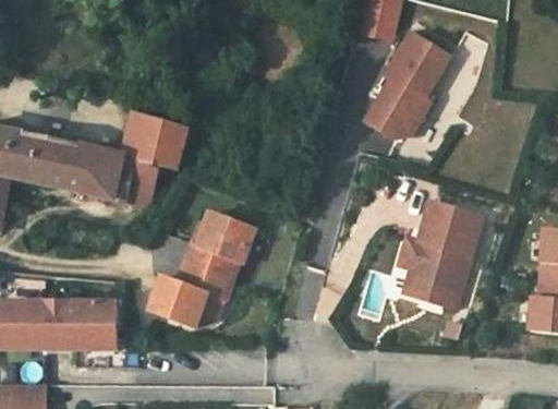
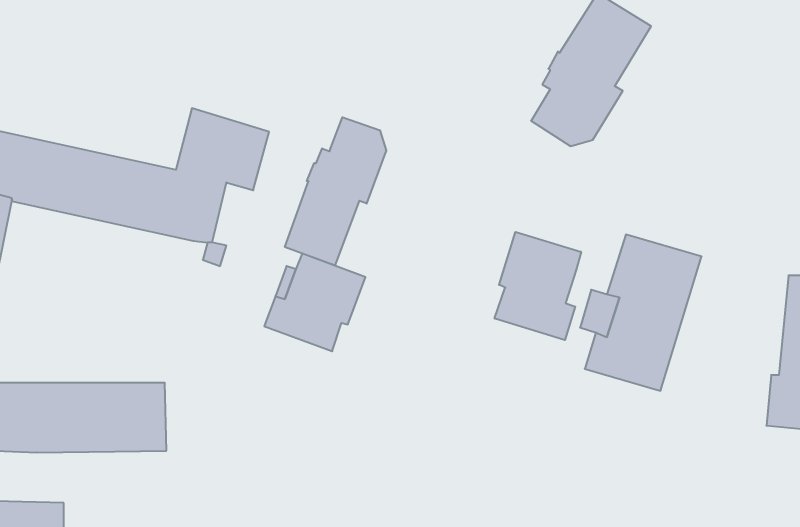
building: none -> [285,117,386,265]
building: none -> [495,232,581,340]
building: [149,262,230,325] -> none

